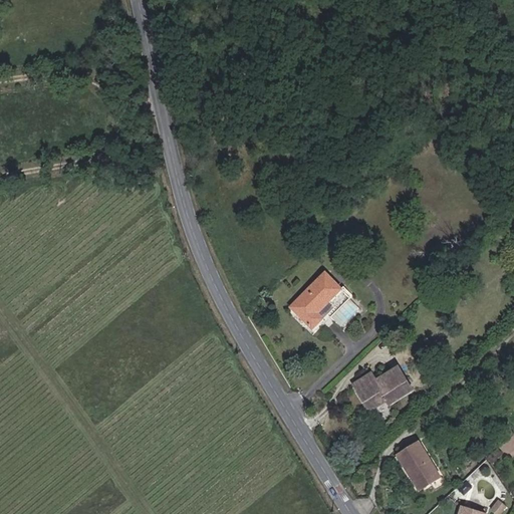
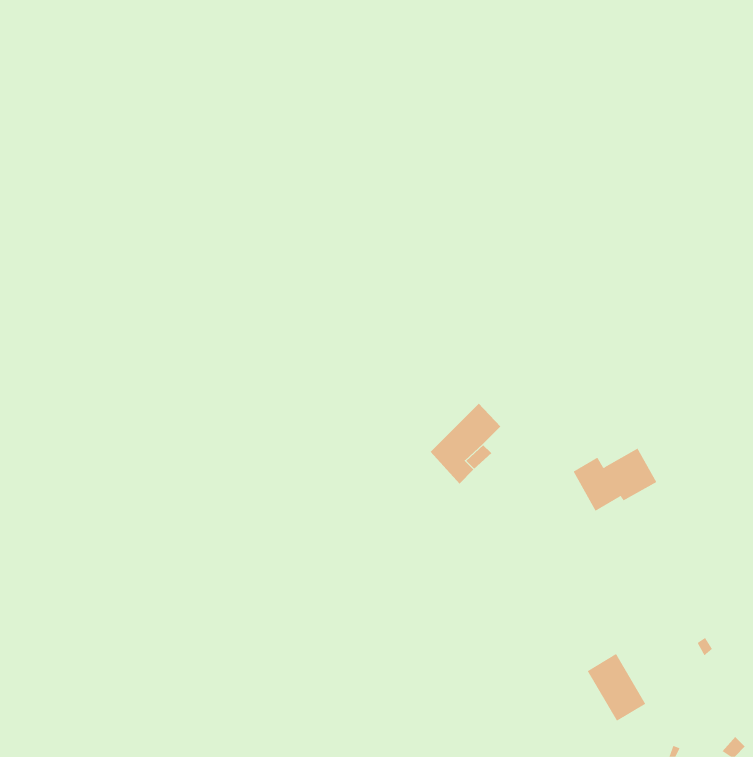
building: [353,366,411,410] -> [573,448,657,512]

